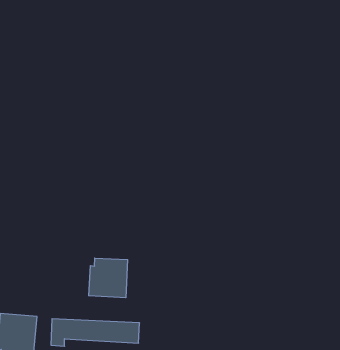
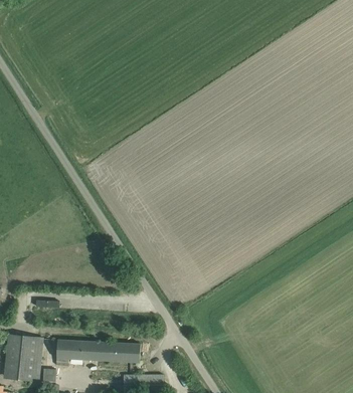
building: [89,258,128,298] -> none

